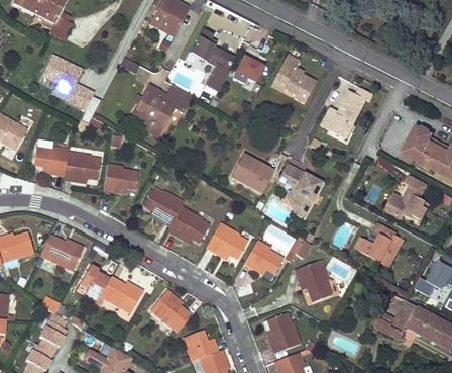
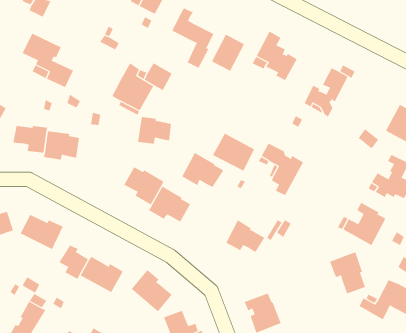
building: [104,164,138,191] -> [137,117,172,144]
building: [206,222,248,258] -> [181,152,224,188]
building: [295,259,331,301] -> [329,251,366,294]

